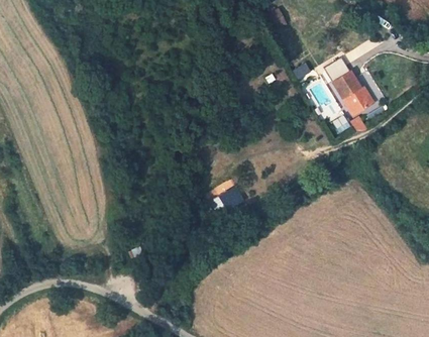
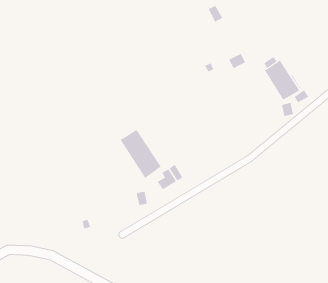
building: none -> [120,129,161,179]

